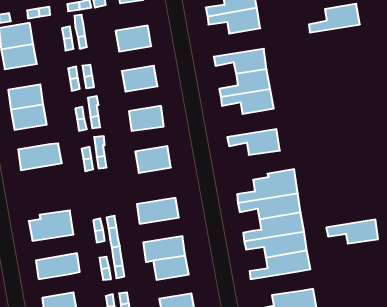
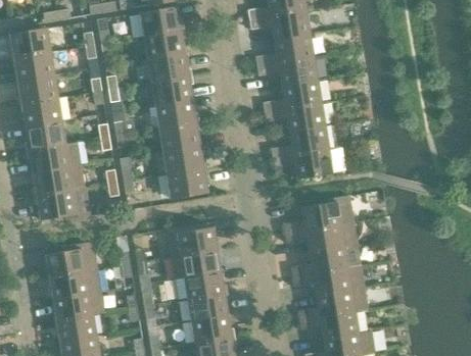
building: [309,4,360,32] -> [256,34,315,66]
building: none -> [141,7,182,37]
building: none -> [149,54,189,83]
building: none -> [18,74,59,104]
building: none -> [148,100,197,130]
building: none -> [272,125,329,158]
building: none -> [30,142,80,172]
building: none -> [155,146,204,175]
building: none -> [37,188,91,219]
building: none -> [173,250,222,278]
building: [326,220,378,244] -> [299,311,359,339]
building: none -> [50,269,101,299]
building: none -> [57,314,97,342]
building: none -> [192,315,232,343]

